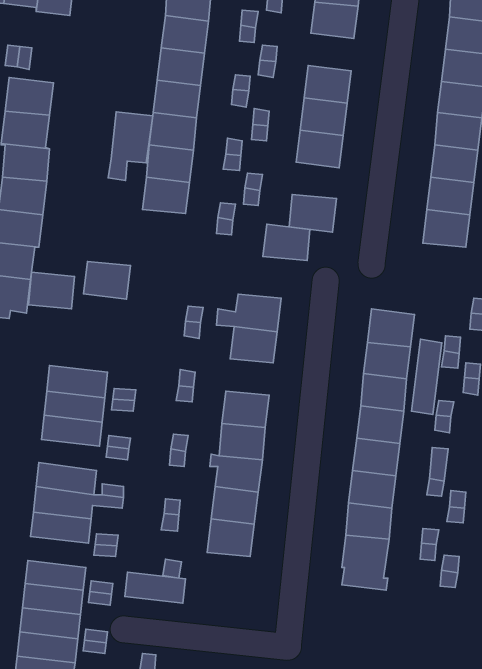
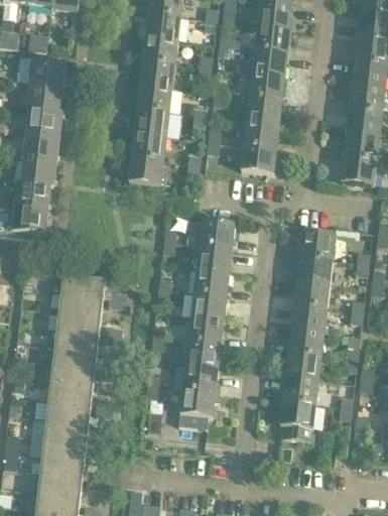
building: none -> [255,25,289,53]
building: [108,112,153,180] -> none
building: [263,224,310,260] -> [243,122,278,149]
building: [83,262,131,299] -> [128,157,163,185]
building: [28,272,75,309] -> none
building: [411,339,442,415] -> none
building: none -> [193,269,229,296]
building: none -> [53,330,99,353]
building: [125,572,185,603] -> [45,402,91,425]

